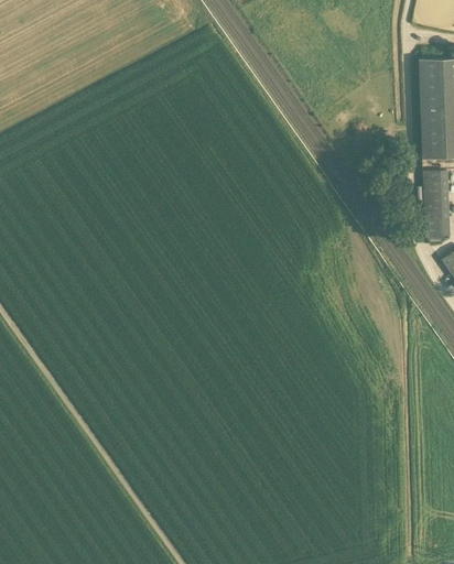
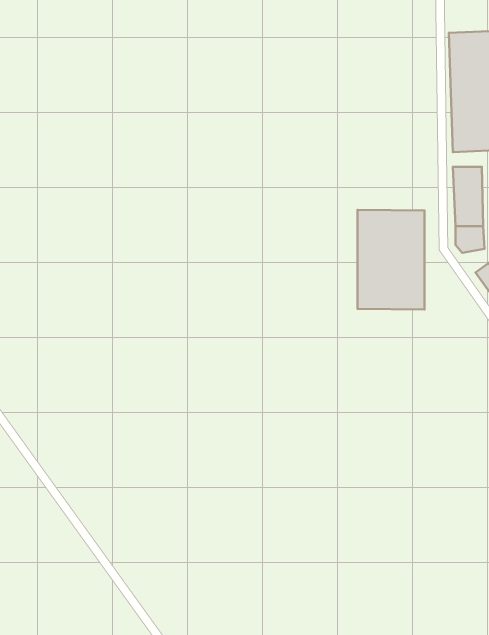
building: none -> [358,210,425,310]

